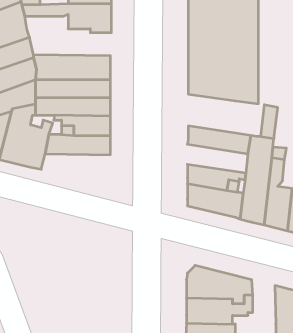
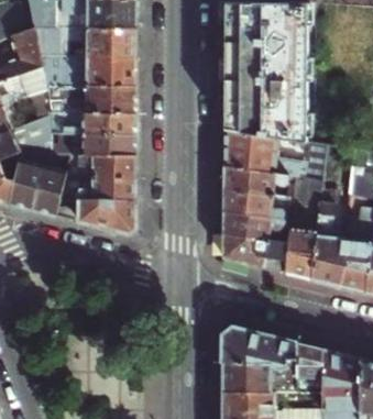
building: none -> [40,55,136,86]
building: none -> [224,130,304,178]
building: none -> [223,187,293,220]
building: none -> [56,198,135,233]
building: none -> [297,342,325,393]

